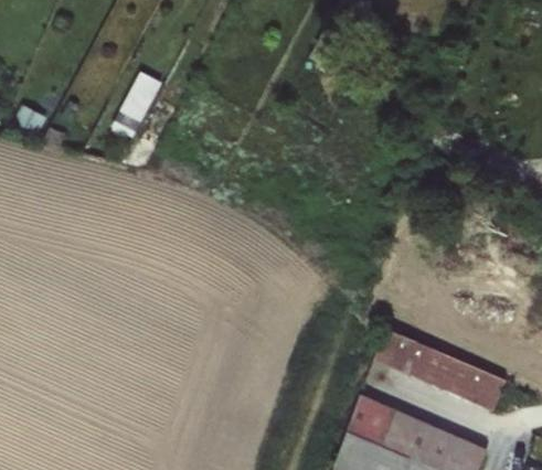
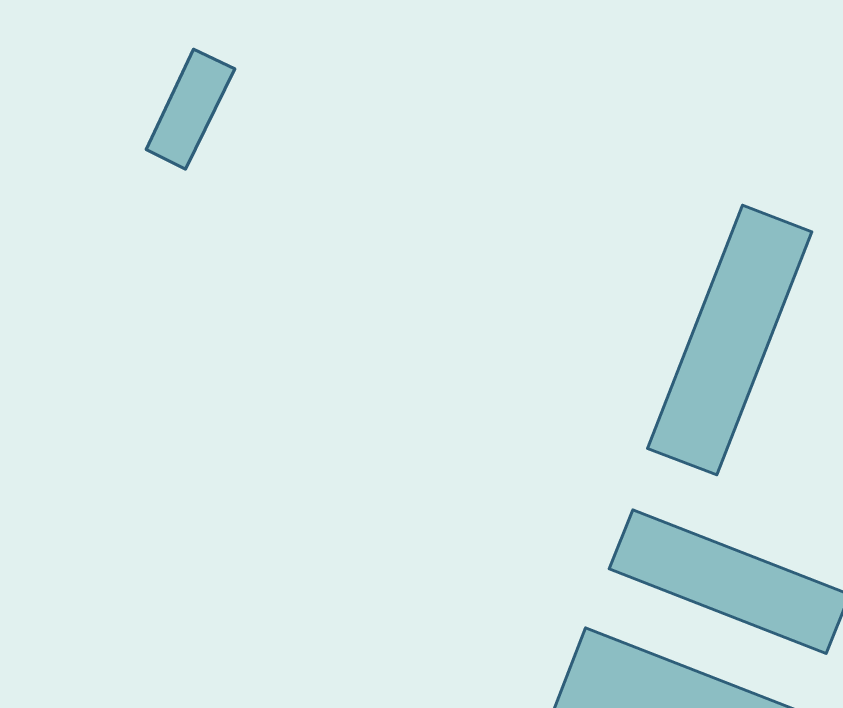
building: none -> [647,205,812,475]

